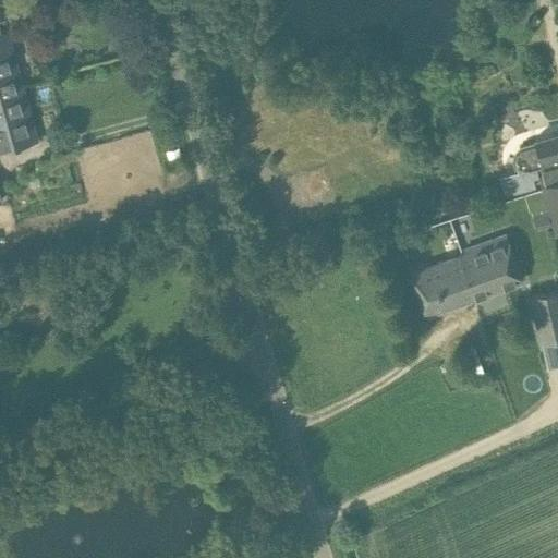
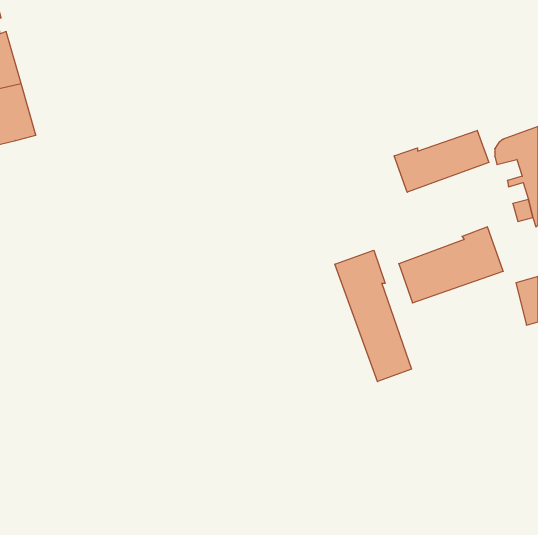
building: none -> [394,130,489,192]
building: none -> [335,250,411,382]

